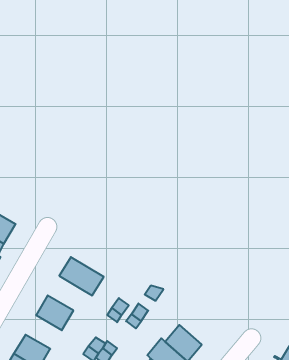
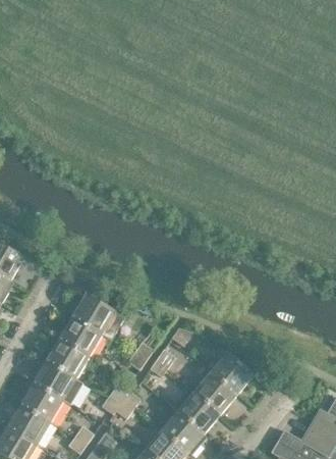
building: none -> [59,317,101,357]
building: none -> [210,353,253,396]
building: none -> [34,362,81,405]

